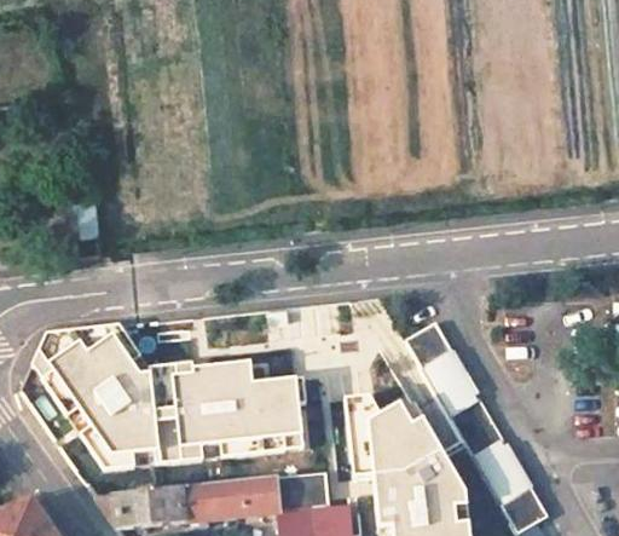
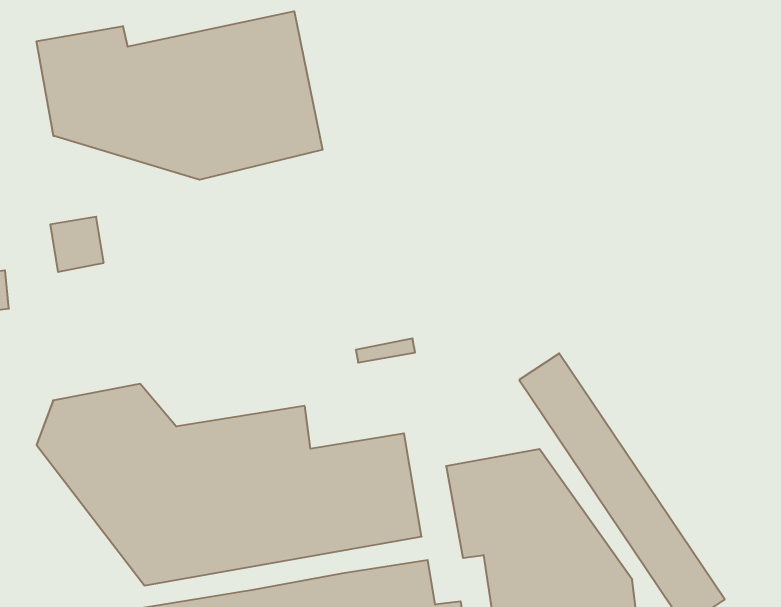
building: none -> [37,11,323,180]

